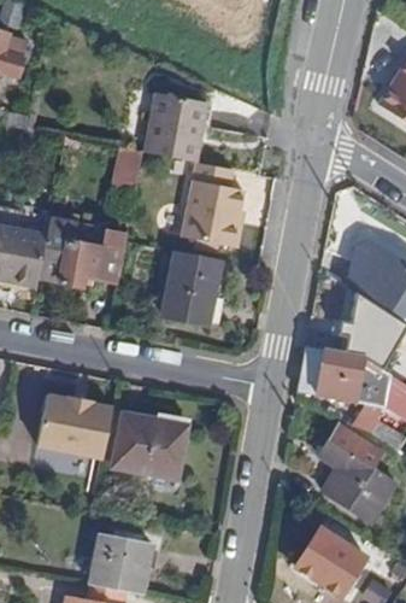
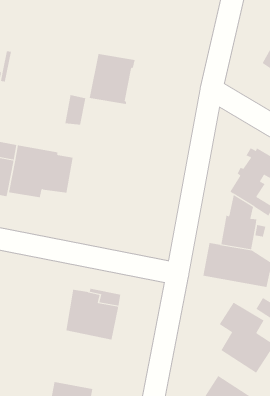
building: [184,163,243,247] -> none
building: [160,252,220,324] -> none
building: [37,397,112,461] -> none

